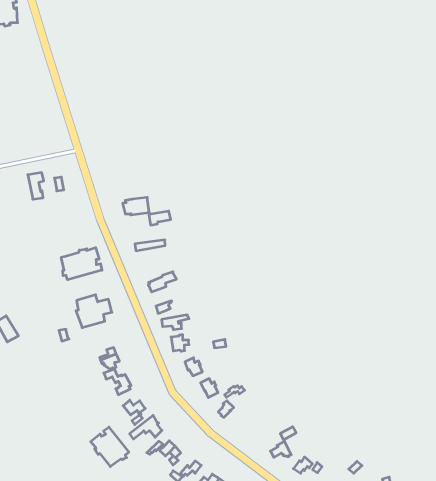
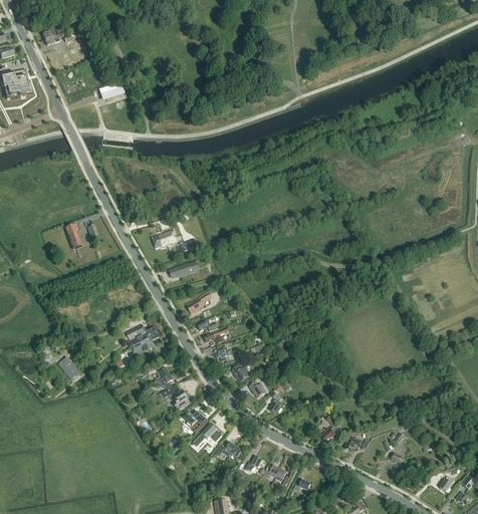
building: [61,248,102,280] -> none
building: [91,427,129,467] -> none

